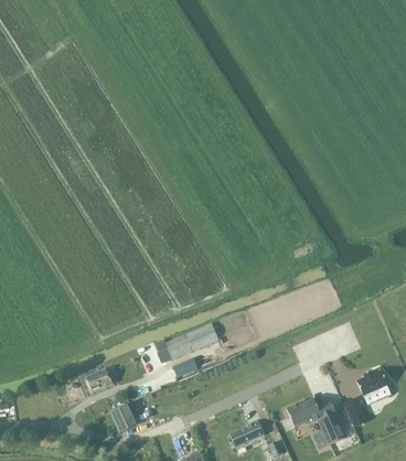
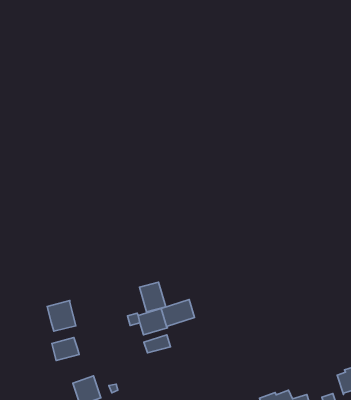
building: none -> [139,282,166,312]
building: none -> [47,301,76,331]

